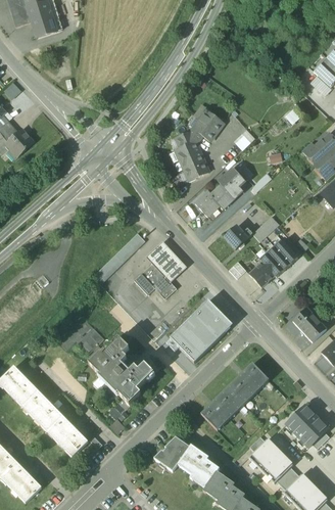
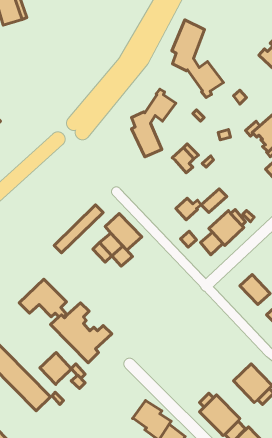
building: none -> [172,20,224,97]
building: [196,183,235,216] -> none
building: [170,300,233,363] -> none
building: [201,362,269,429] -> none
building: none -> [40,352,71,384]
building: [153,436,190,471] -> none

